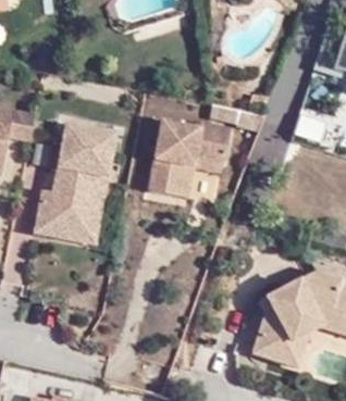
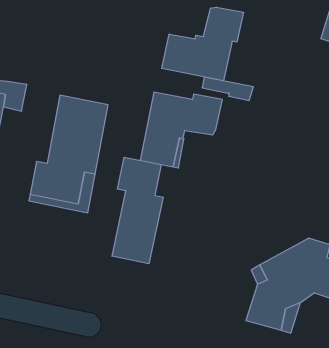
building: none -> [162,7,243,81]
building: none -> [112,157,163,264]

